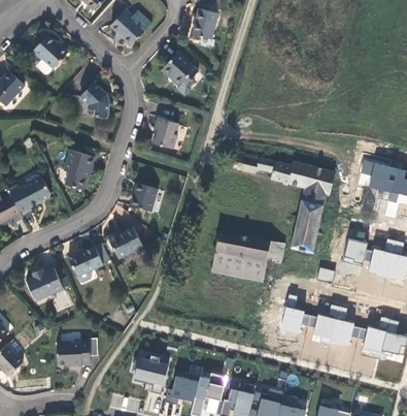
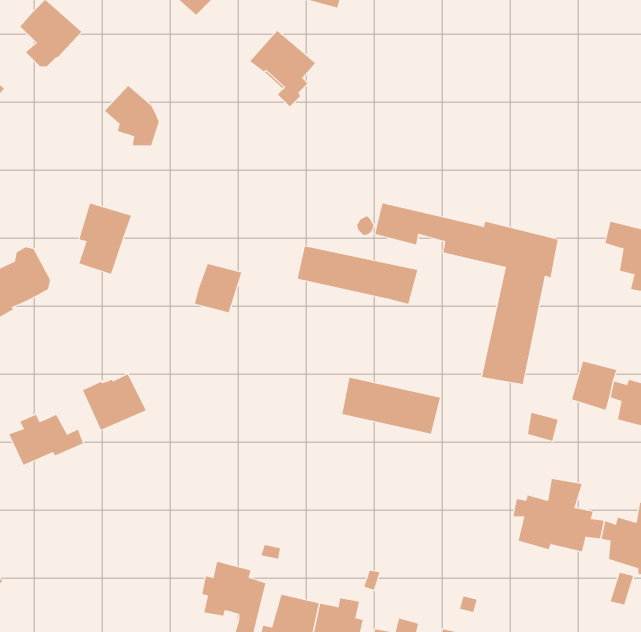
building: [151,118,177,150] -> none
building: [107,227,142,259] -> none
building: [216,229,284,262] -> [297,246,418,305]
building: [280,295,310,333] -> none
building: [57,338,97,365] -> none

